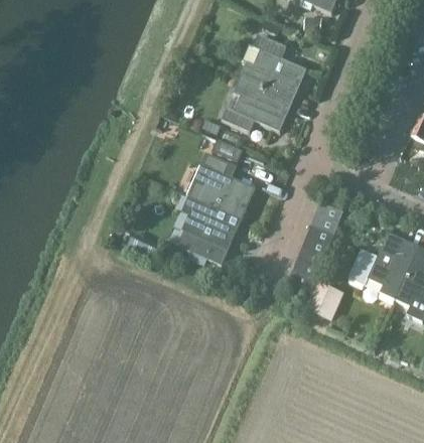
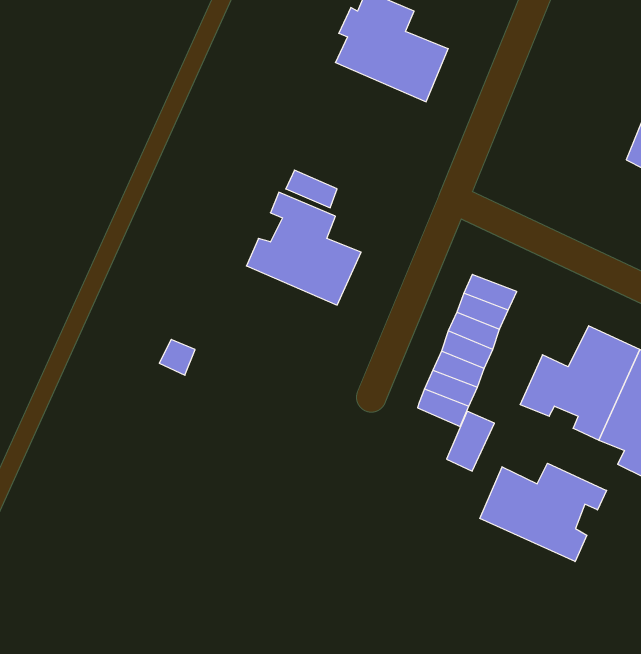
building: [222,76,293,131] -> none
building: [177,195,241,264] -> none
building: none -> [480,463,607,562]

